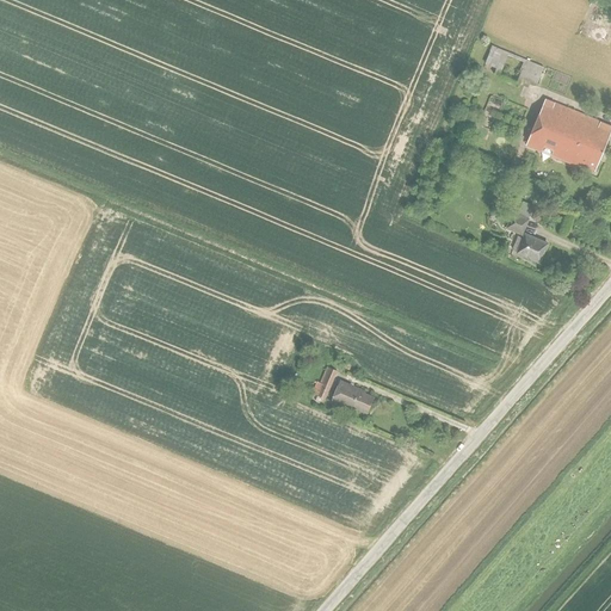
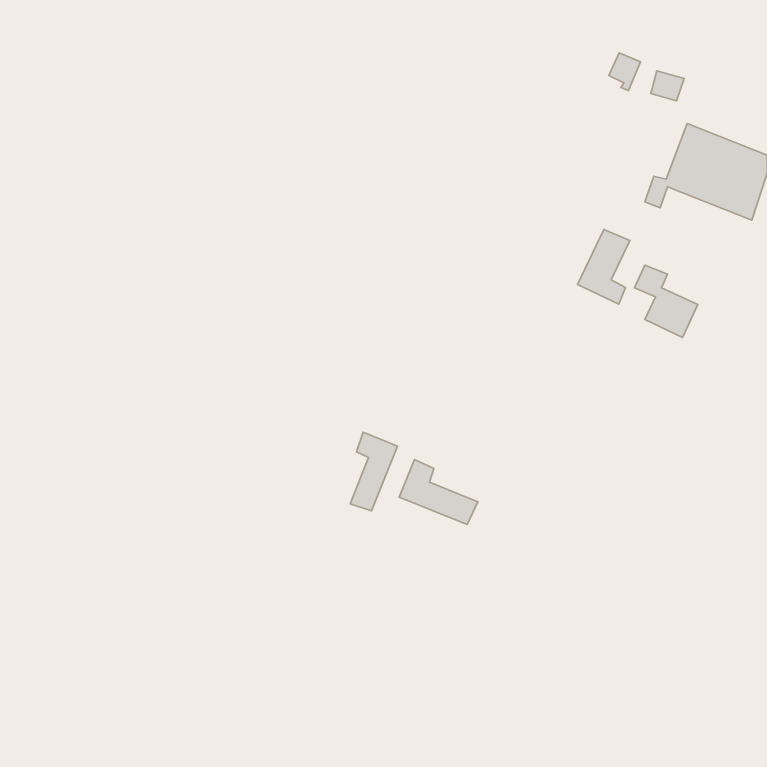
building: none -> [578,230,630,304]
building: none -> [350,432,398,511]

